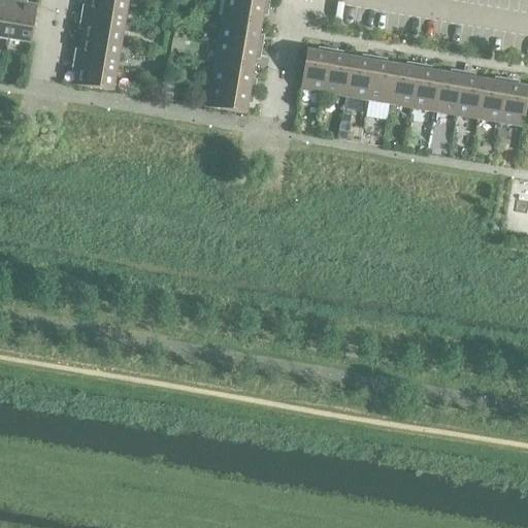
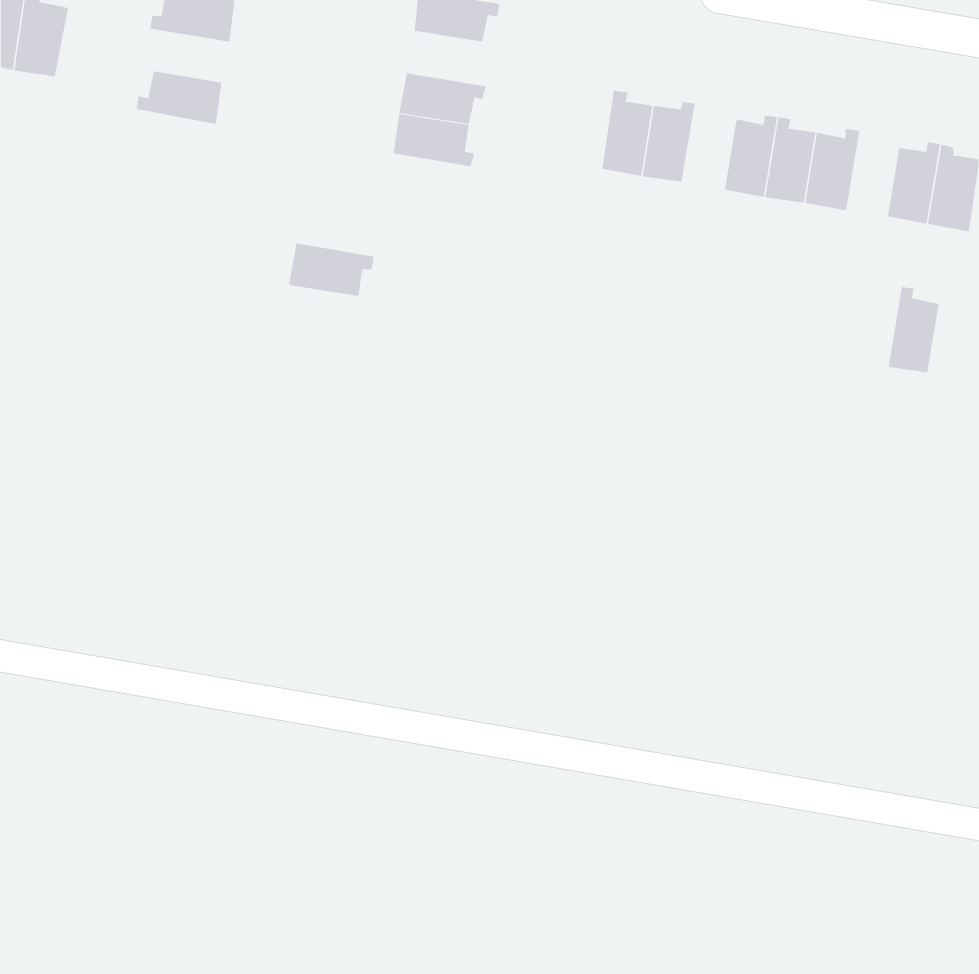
building: [79,15,124,44] -> none
building: [219,16,263,46] -> none
building: [300,46,330,91] -> none
building: [367,56,396,102] -> none
building: [72,59,117,90] -> none
building: [456,70,484,117] -> [888,287,939,373]
building: [207,82,254,111] -> [288,243,374,297]

